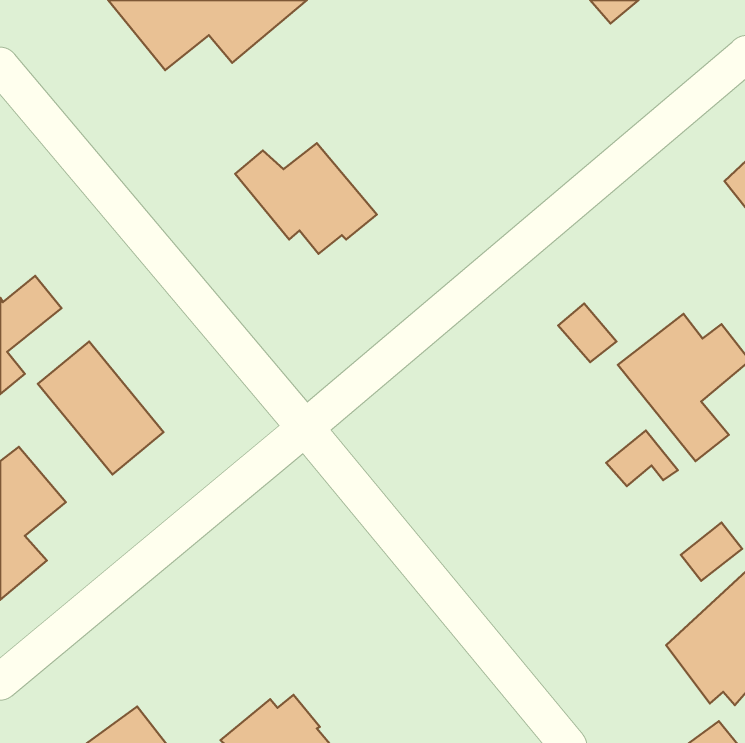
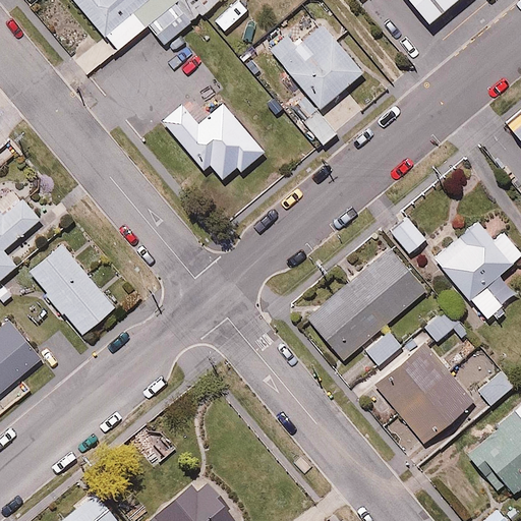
building: none -> [267,22,363,147]
building: none -> [305,247,425,367]
building: none -> [377,344,473,443]

